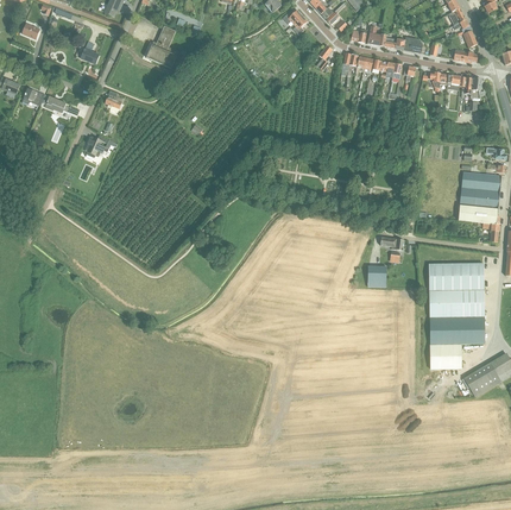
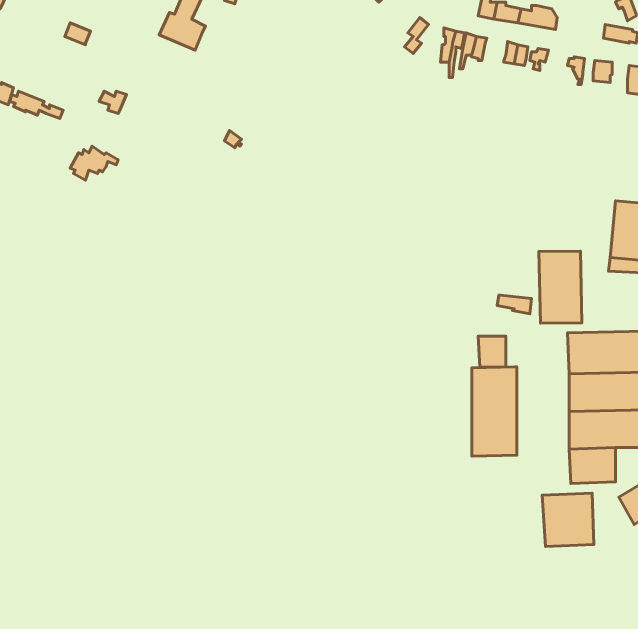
building: none -> [539,251,582,323]
building: none -> [472,367,517,456]
building: none -> [542,493,594,547]

